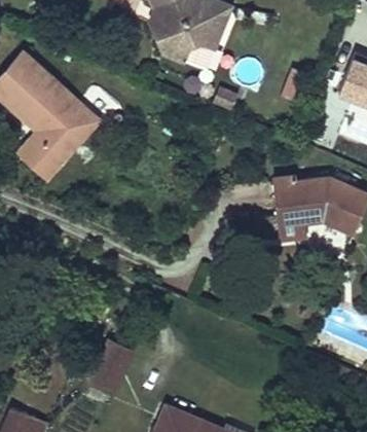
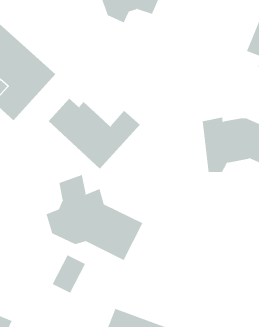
building: none -> [48,98,141,169]
building: none -> [46,174,143,261]

